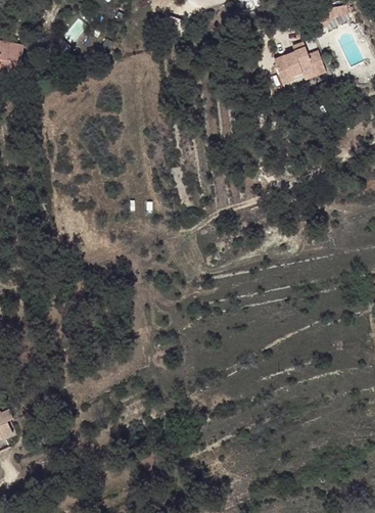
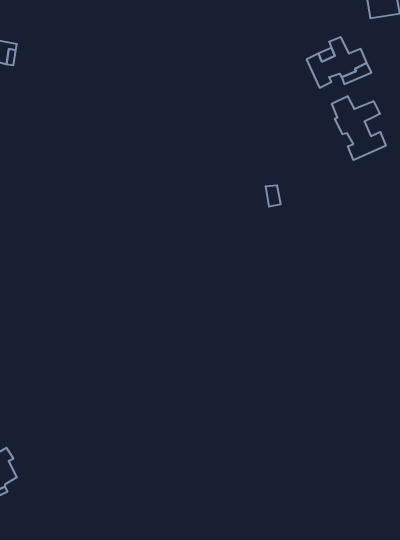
building: none -> [332,96,386,160]

